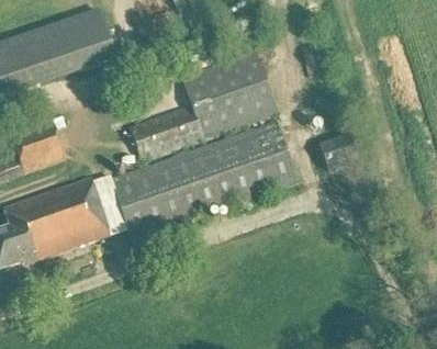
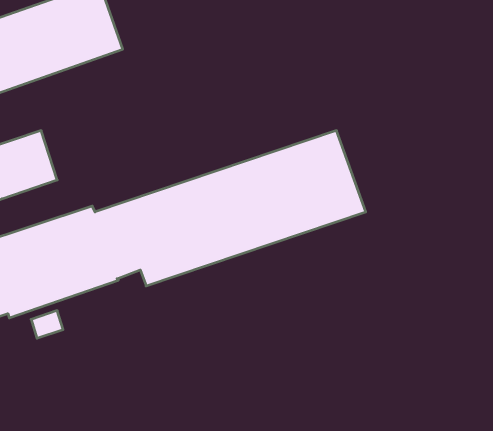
building: [132,50,278,159] -> none
building: [321,135,358,170] -> none

